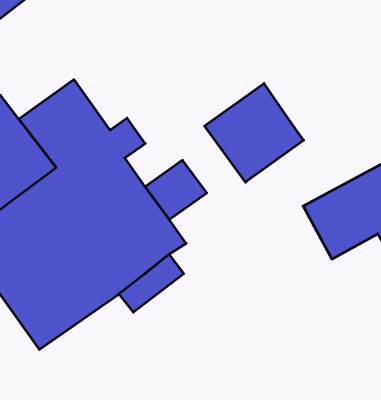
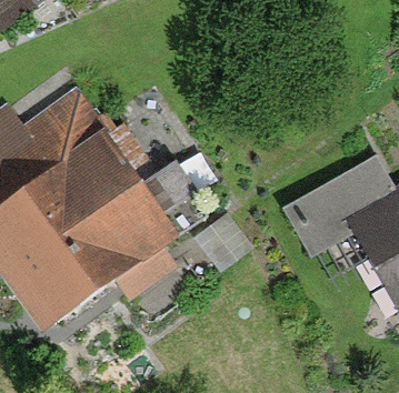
building: [205,83,304,182] -> none

